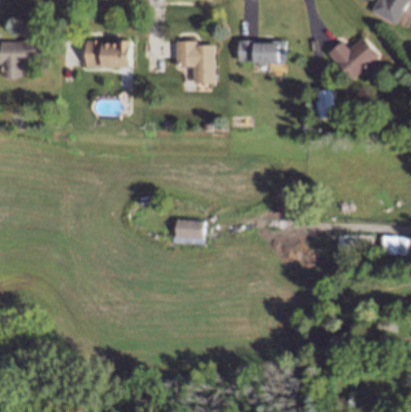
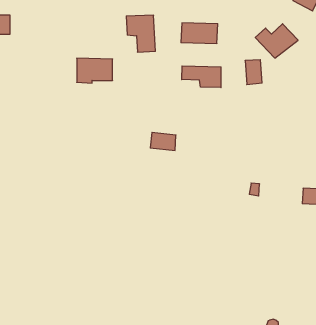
building: [86,34,128,63] -> [77,58,113,83]
building: none -> [182,66,221,88]
building: [174,221,204,242] -> [150,132,176,150]

